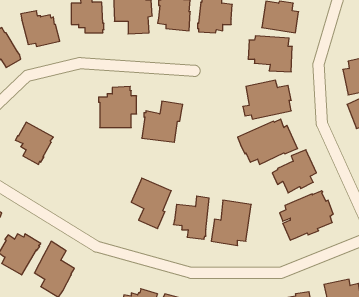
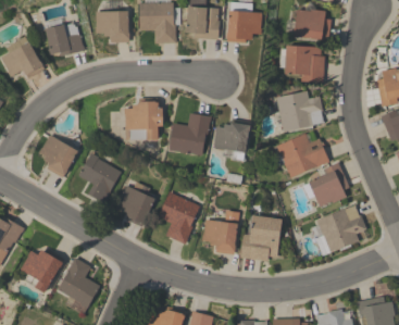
building: none -> [213,123,250,162]
building: none -> [78,153,121,203]
building: none -> [116,184,154,227]

